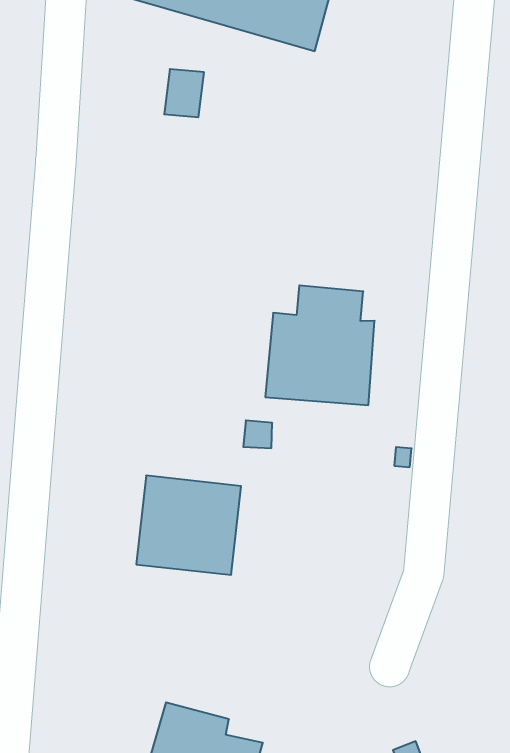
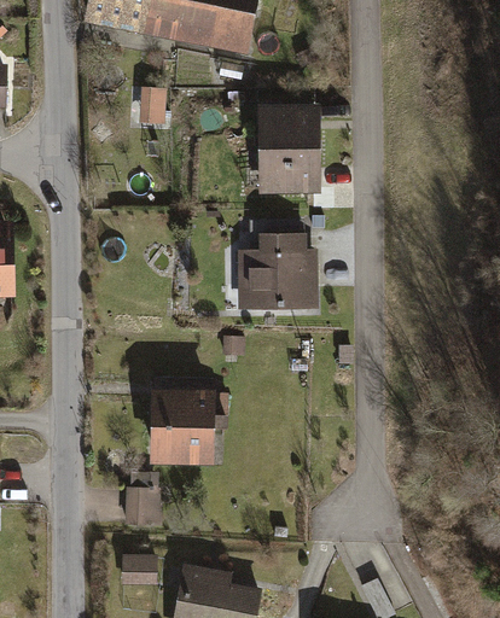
building: none -> [258,105,320,191]
building: none -> [123,488,161,526]
building: none -> [122,550,157,584]

